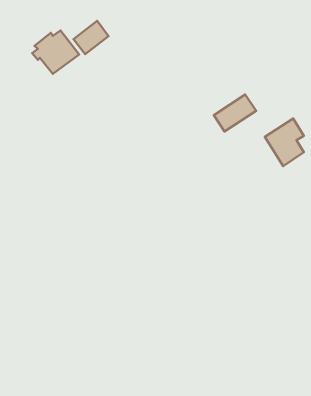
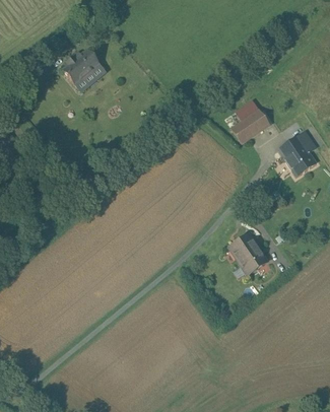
building: [74,21,109,54] -> none
building: none -> [225,230,269,276]

